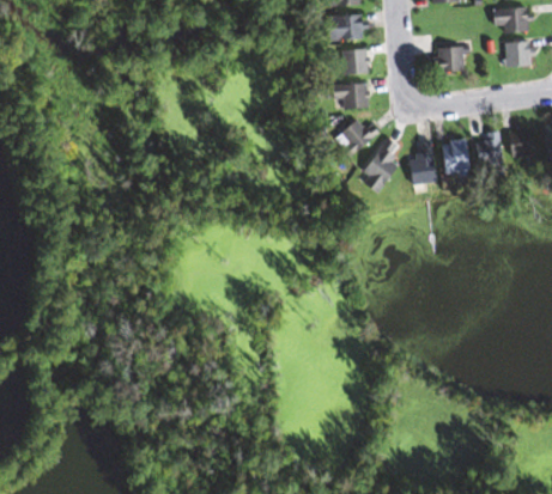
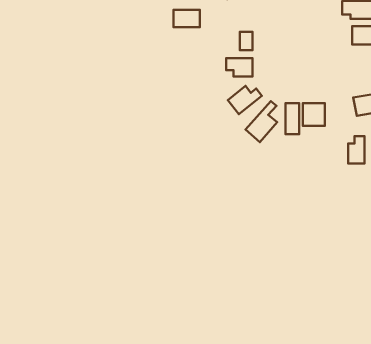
building: [334,14,369,37] -> [173,10,200,27]
building: [433,45,461,71] -> none
building: [478,132,499,167] -> [348,136,365,164]

